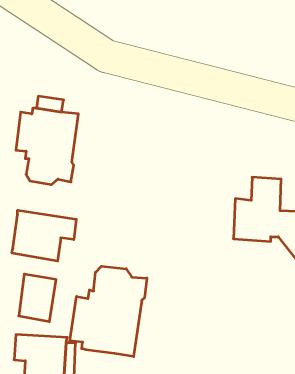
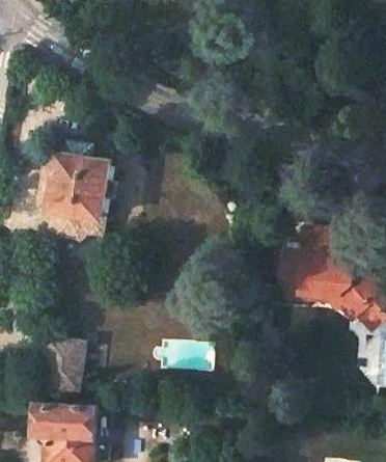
building: [12,210,76,261] -> none
building: [70,266,147,357] -> none

